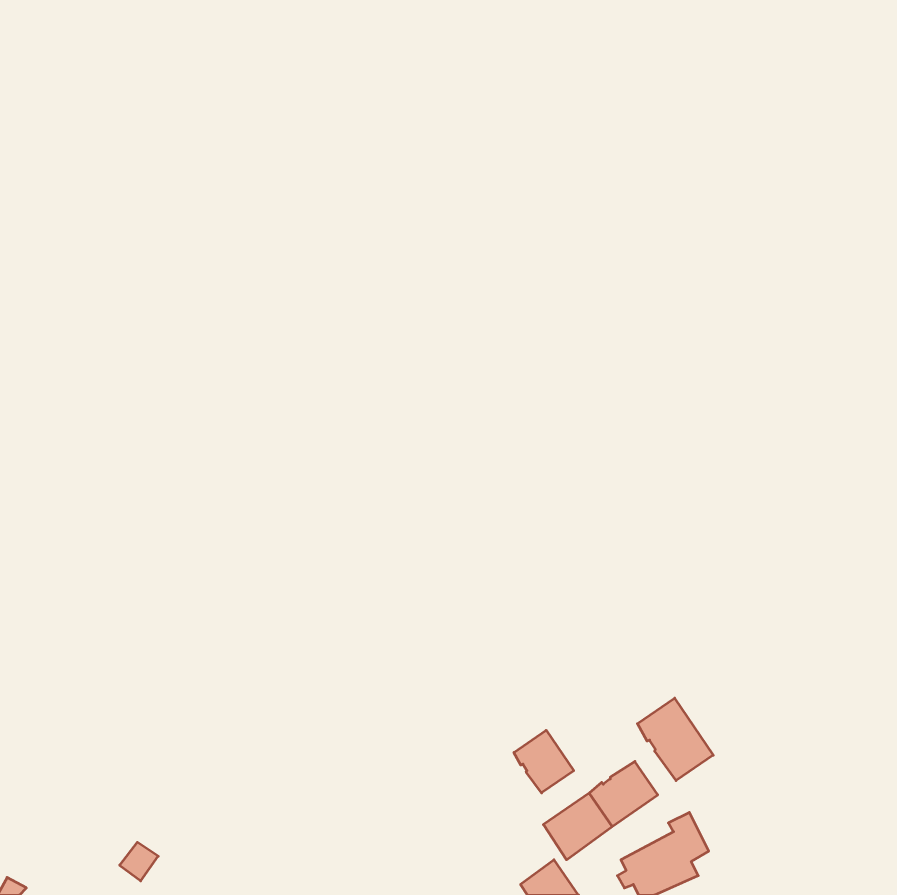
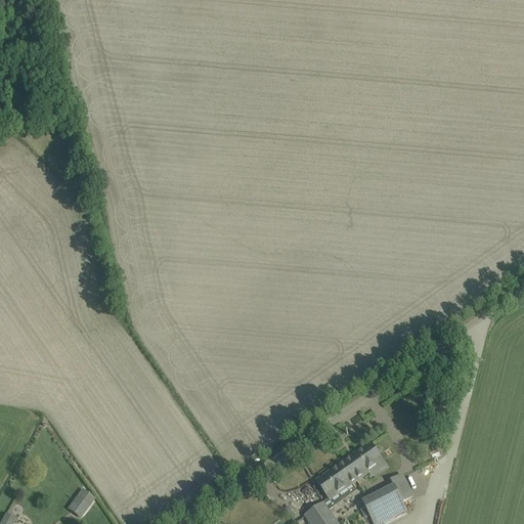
building: [637,698,713,781] -> none
building: [514,730,574,793] -> none

